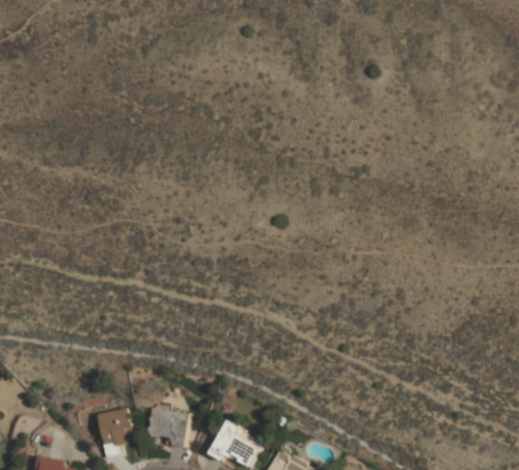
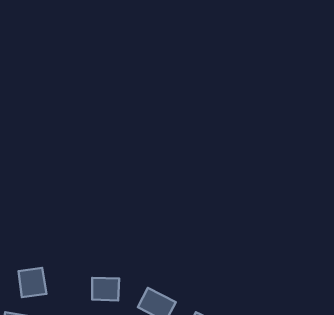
building: [97,409,133,448] -> [19,268,46,297]

